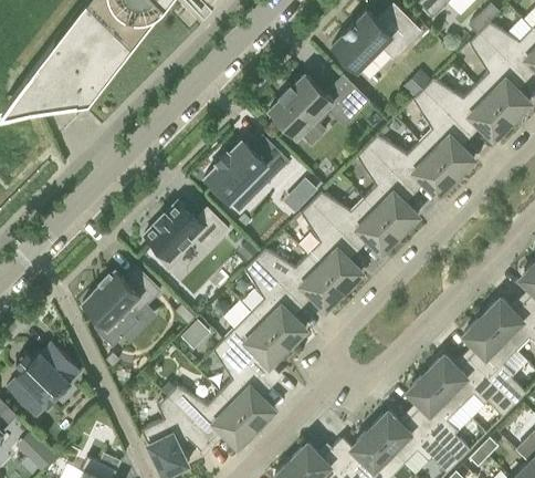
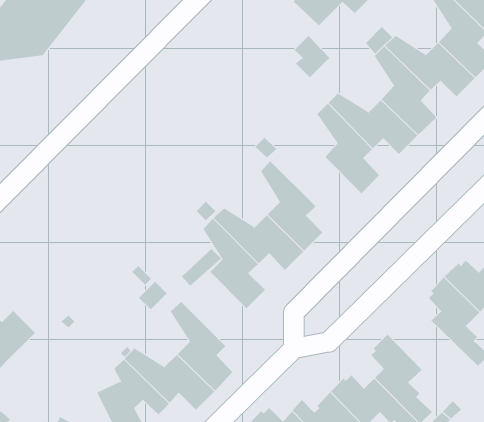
building: [270,75,332,138] -> none
building: [204,135,289,204] -> none
building: [311,193,400,254] -> none
building: [145,197,230,261] -> none
building: [82,268,160,349] -> none
building: [223,312,287,385] -> none
building: [426,356,514,417] -> none

